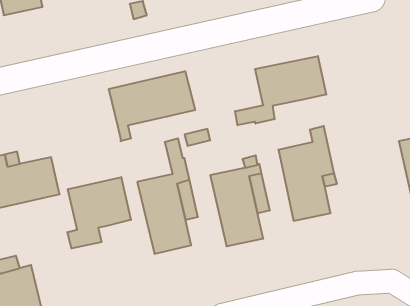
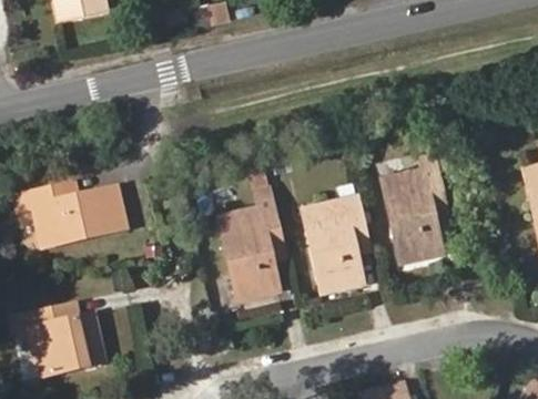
building: [235,56,326,125] -> none
building: [109,71,195,141] -> none
building: [67,177,131,248] -> none

